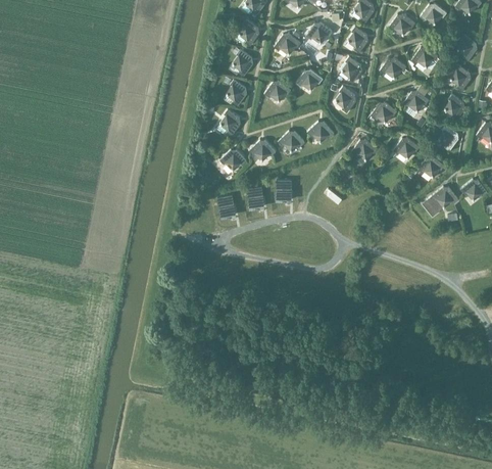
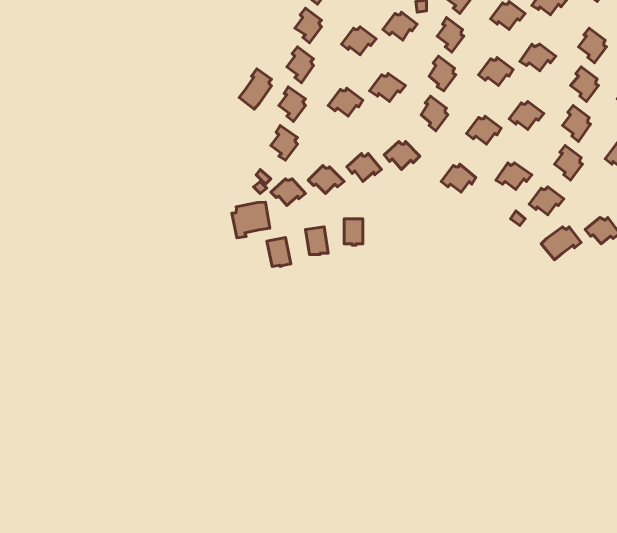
building: none -> [239,69,272,109]
building: none -> [232,202,270,238]

